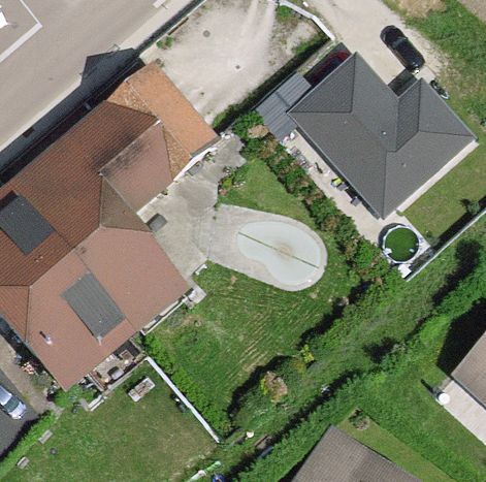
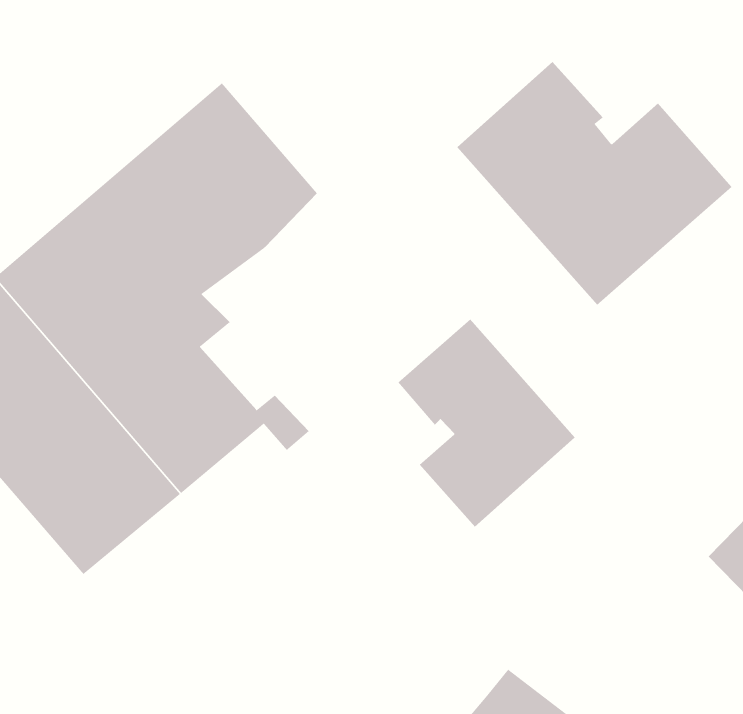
building: none -> [398,319,576,528]

